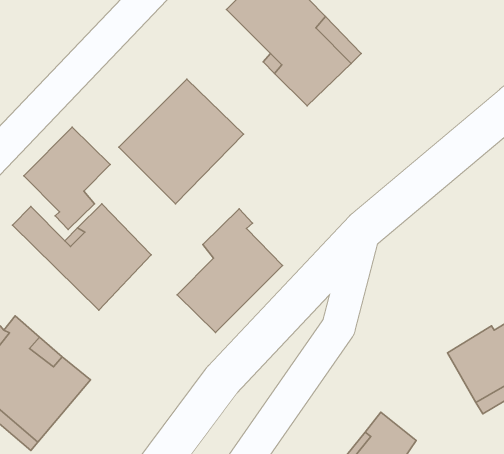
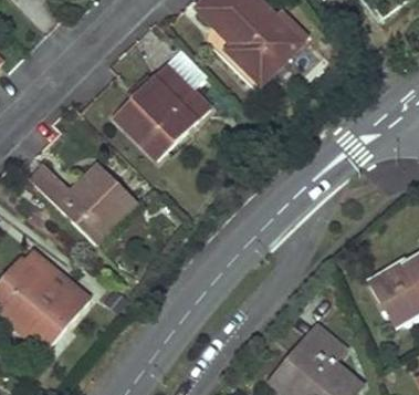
building: [24,127,110,230] -> none
building: [177,209,283,332] -> none

